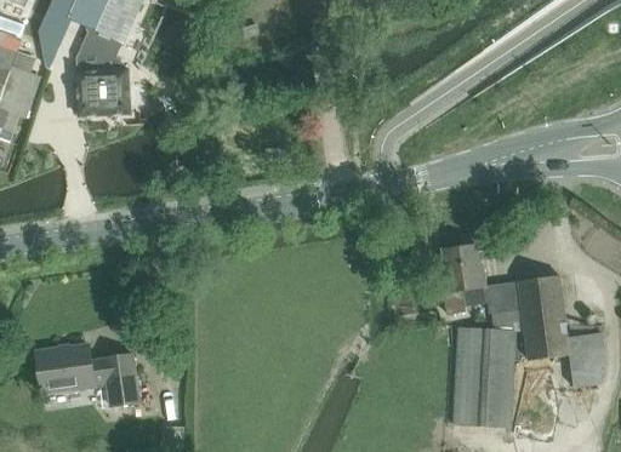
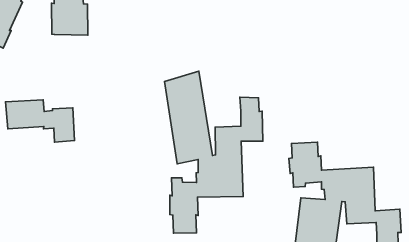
building: none -> [165,71,263,233]
building: [35,345,139,406] -> [5,100,75,142]

